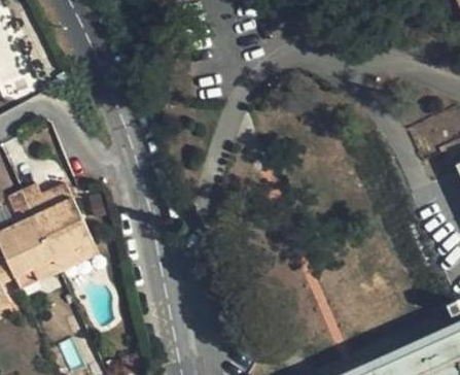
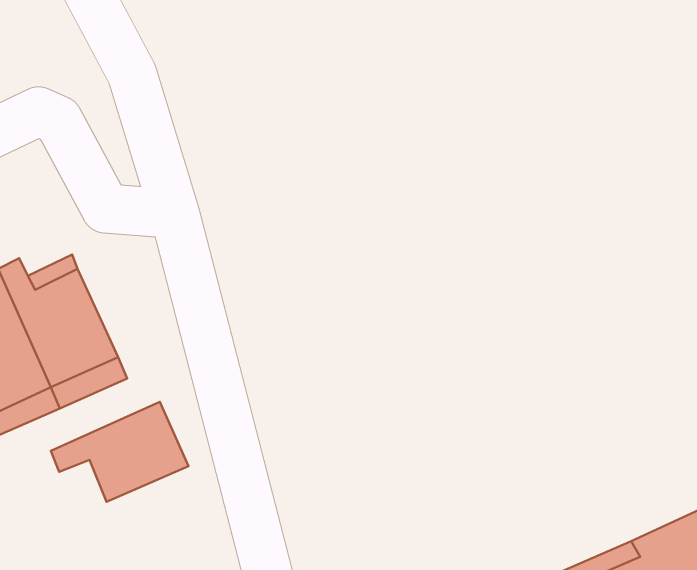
building: none -> [51,402,189,502]

